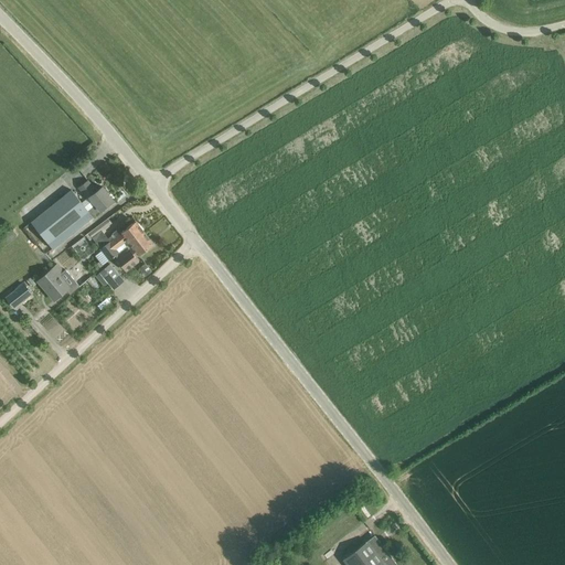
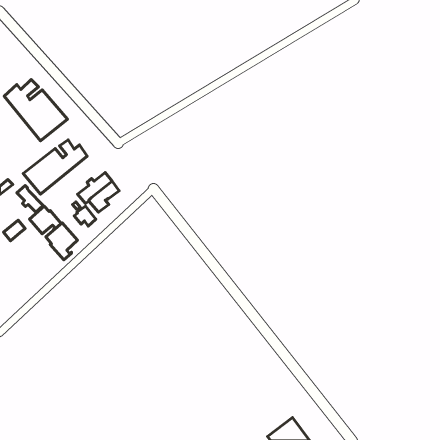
building: none -> [4,80,67,141]
building: none -> [17,185,43,212]
building: none -> [46,223,78,260]

